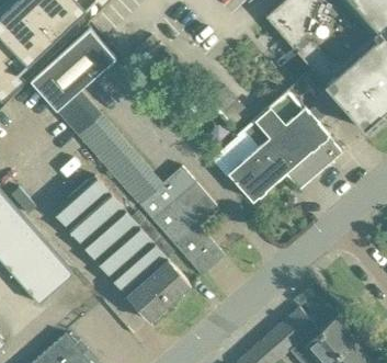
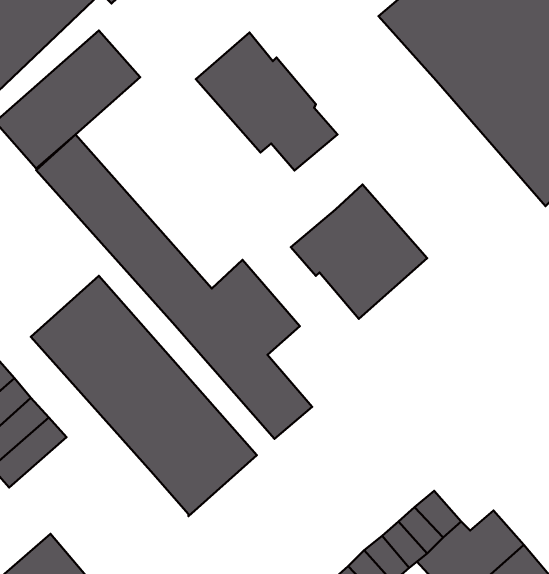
building: [255,91,342,175] -> [196,32,337,170]

